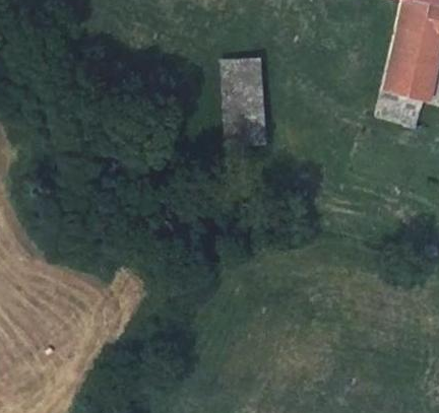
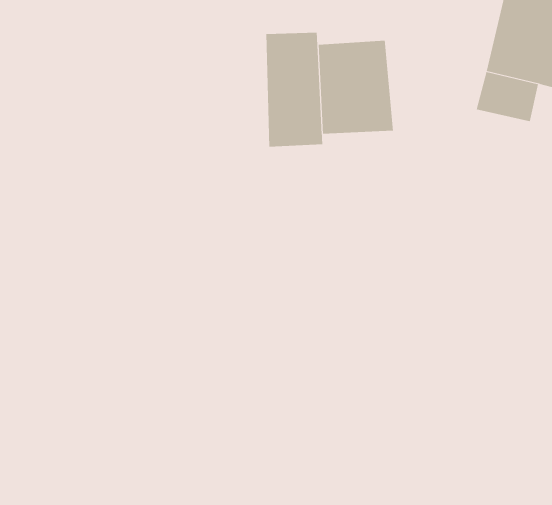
building: none -> [318,40,394,135]

